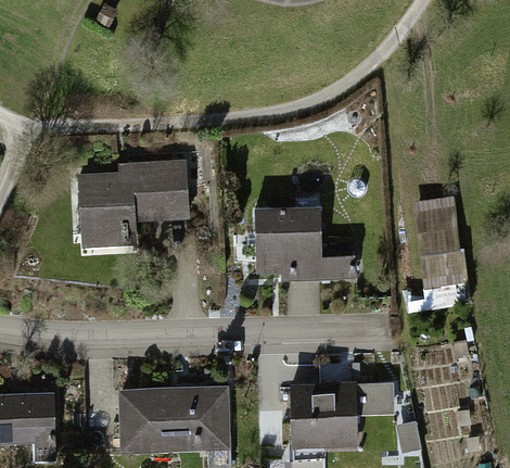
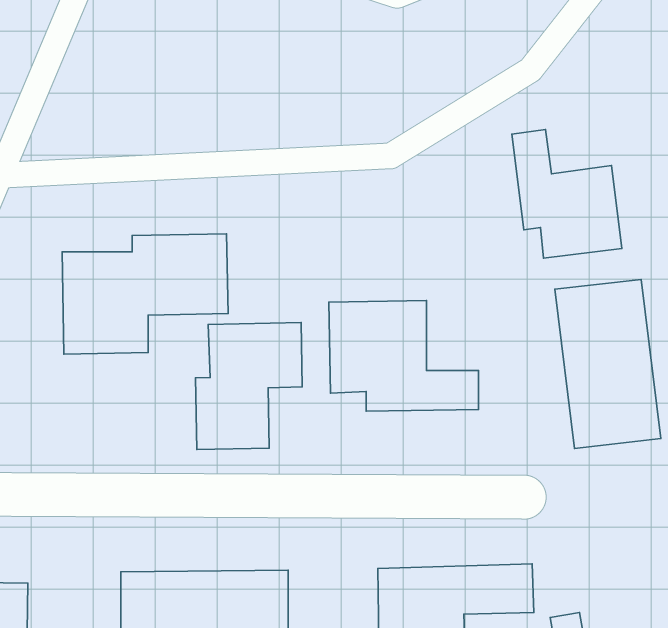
building: none -> [512,130,622,258]
building: none -> [195,323,302,449]

